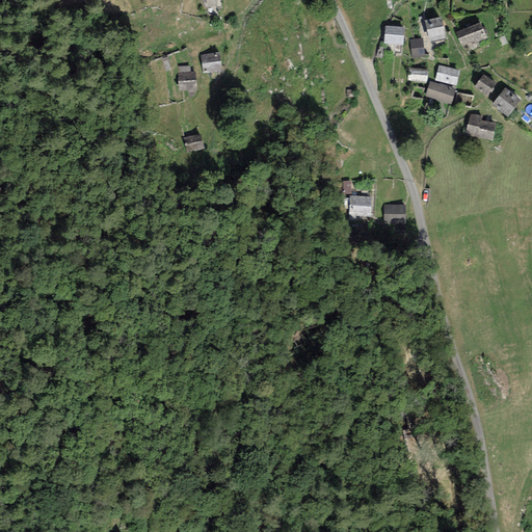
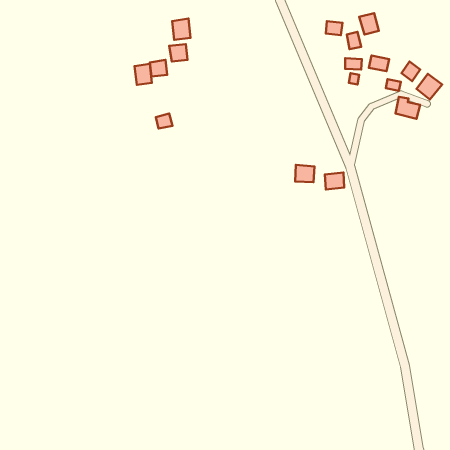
building: [455,21,487,47] -> none
building: none -> [172,19,191,40]
building: none -> [134,64,152,85]
building: [425,80,455,103] -> none

